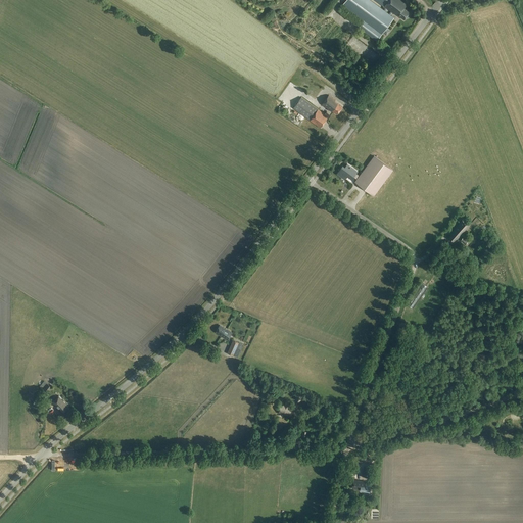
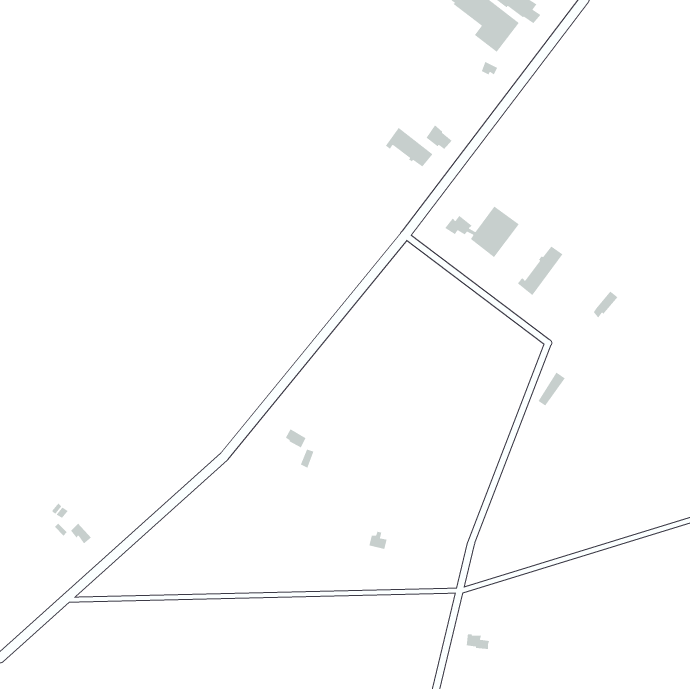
building: none -> [517,246,563,296]

